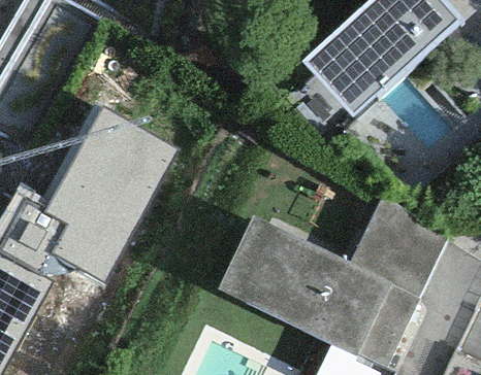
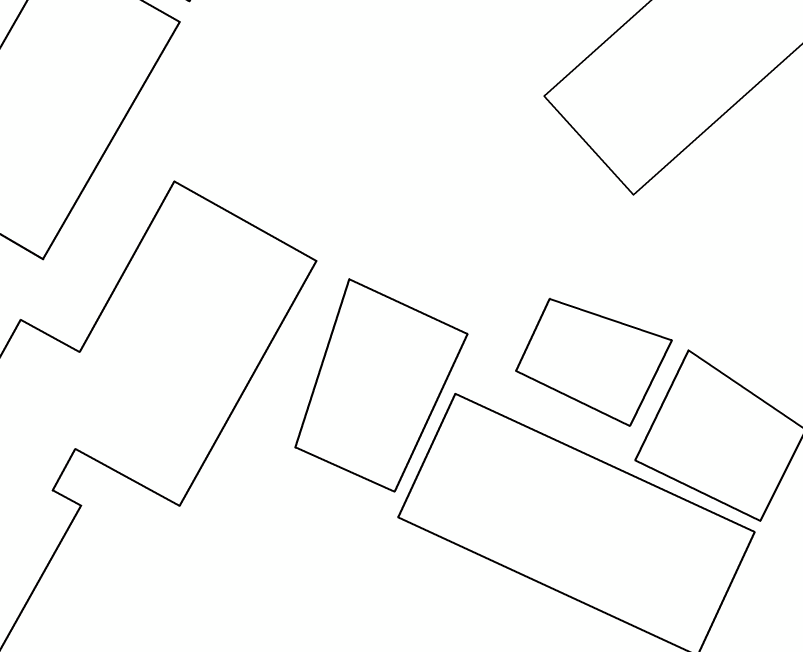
building: none -> [295,279,467,492]
building: none -> [516,299,672,426]

